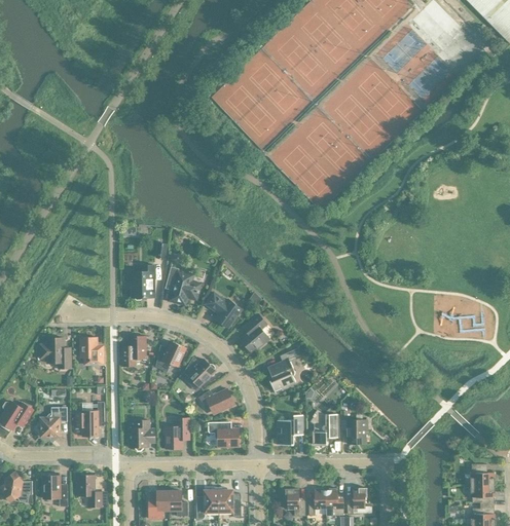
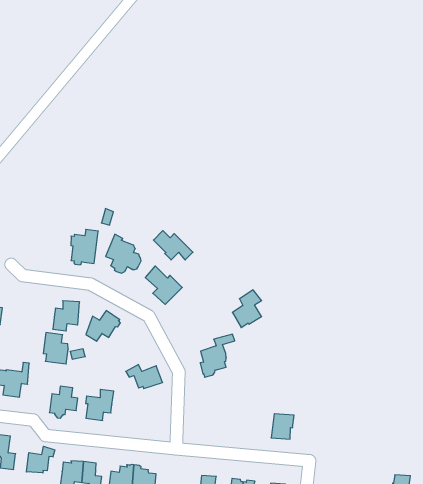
building: none -> [153,231,193,260]
building: [241,314,269,352] -> [232,290,262,328]
building: [80,337,104,365] -> [43,333,68,364]
building: [184,359,216,390] -> none
building: [311,411,339,444] -> none
building: [278,415,303,445] -> none
building: [208,422,239,446] -> none
building: none -> [26,446,55,473]

